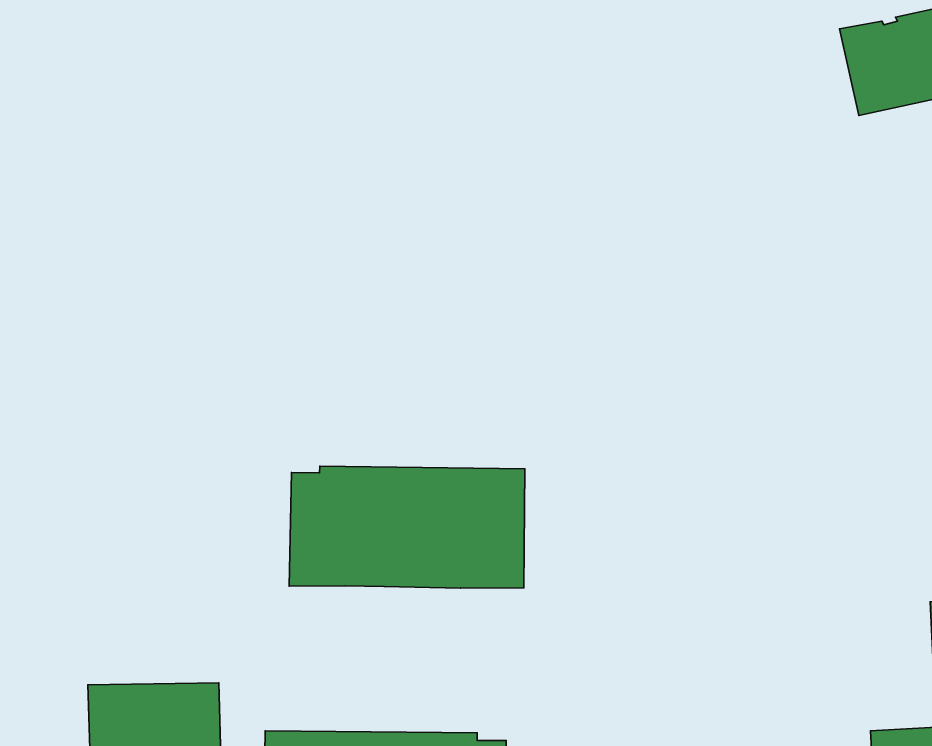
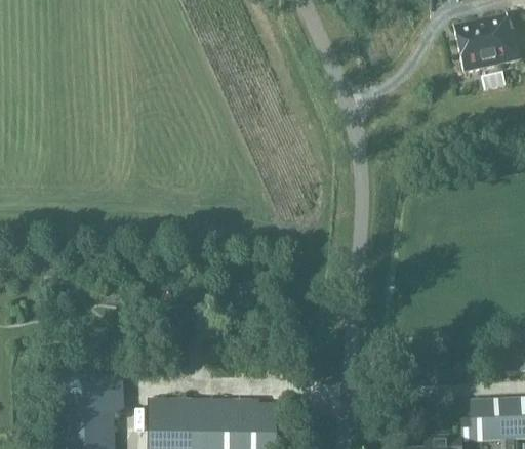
building: [289,466,525,588] -> none

